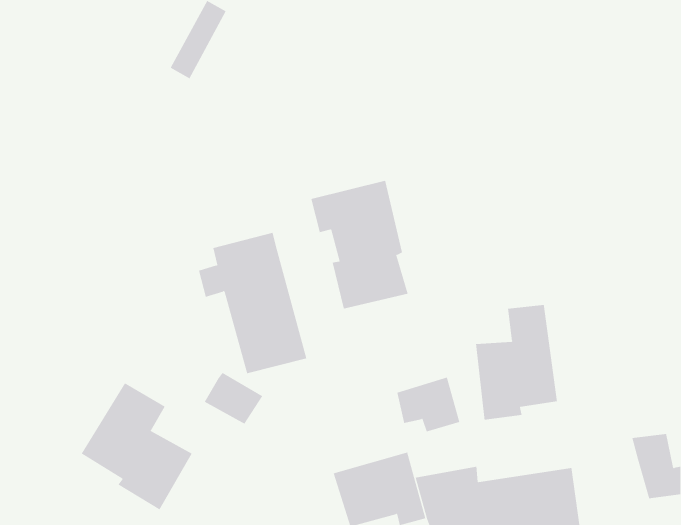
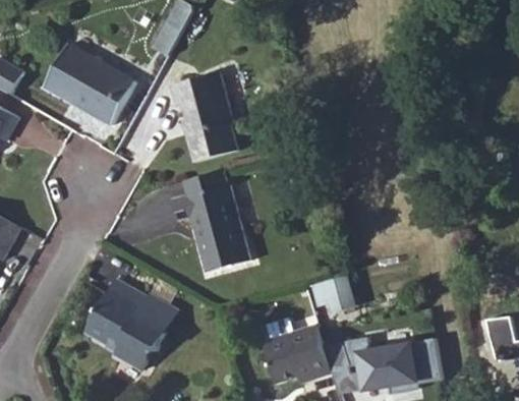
building: none -> [41,40,137,126]
building: [311,180,408,309] -> [170,66,240,159]
building: [475,304,558,420] -> none
building: [204,372,263,424] -> [135,291,178,329]

